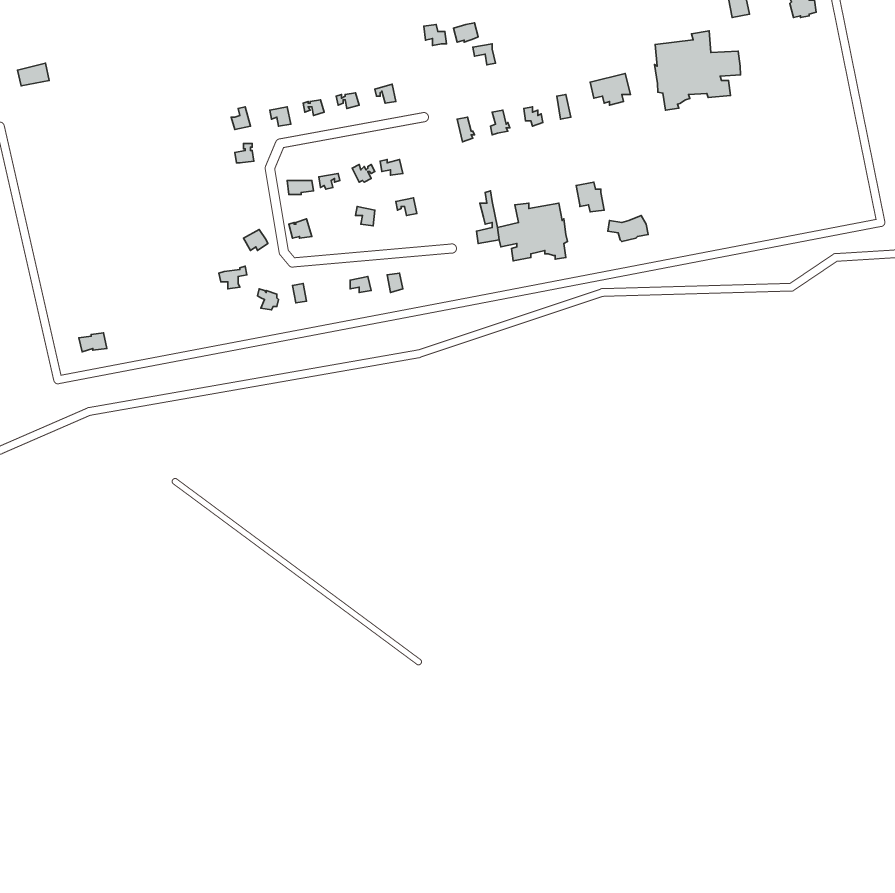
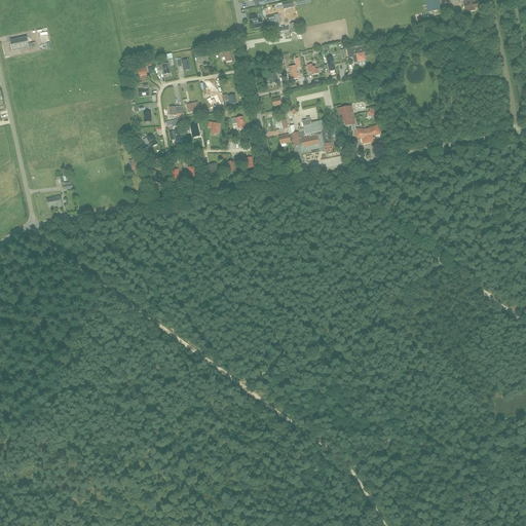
building: [654,31,741,110] -> none

